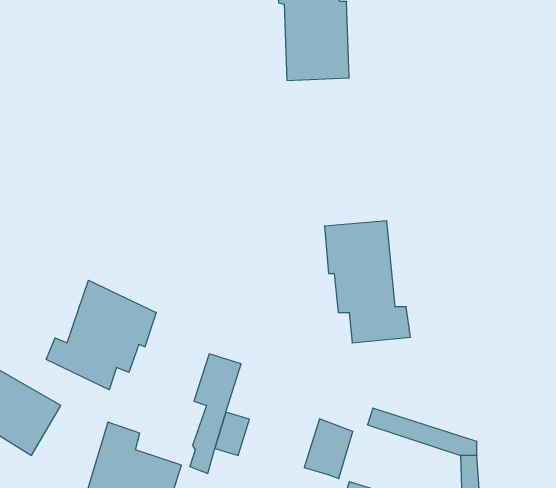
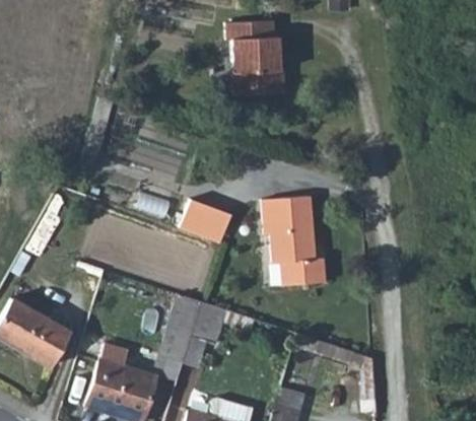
building: none -> [179,200,230,244]
building: [46,280,156,390] -> none
building: [304,419,353,479] -> [191,300,226,344]

